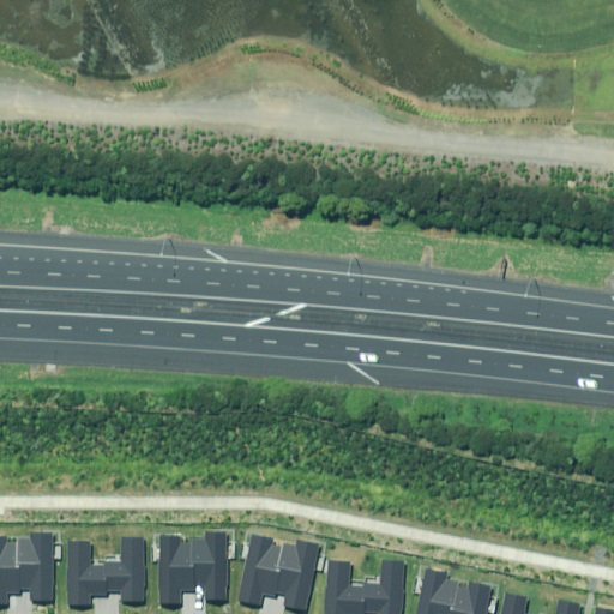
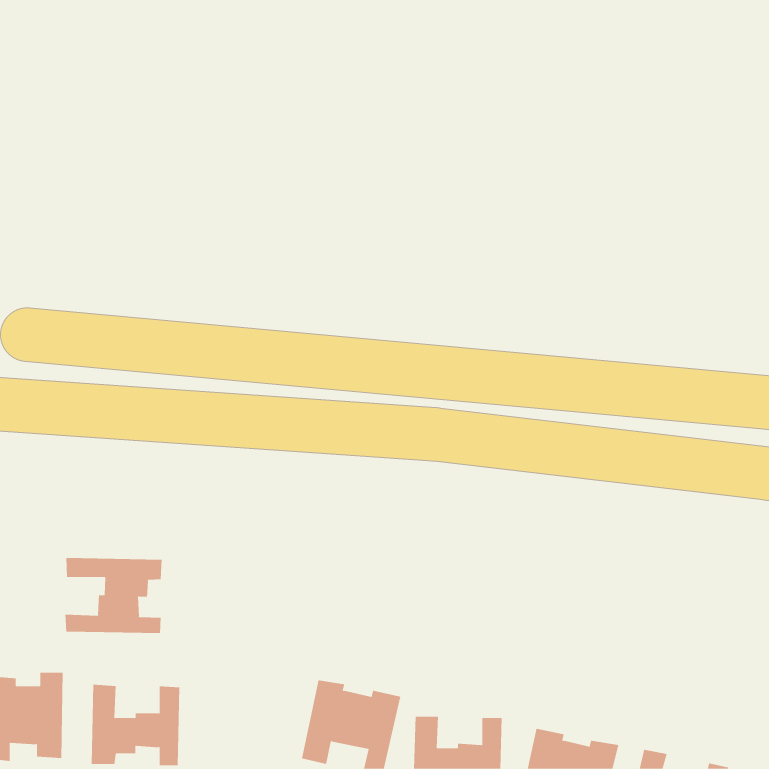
building: none -> [65,557,162,634]
building: [158,537,227,604] -> none

